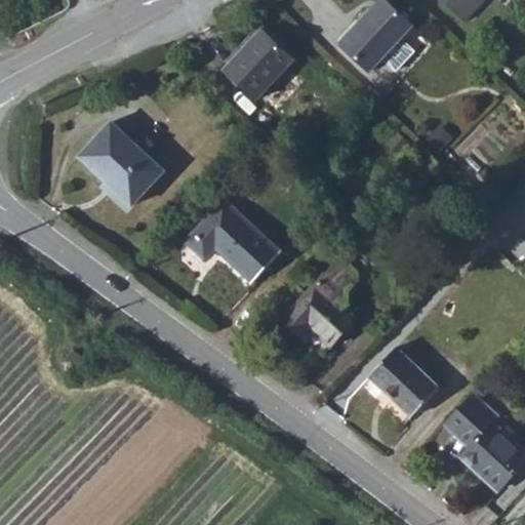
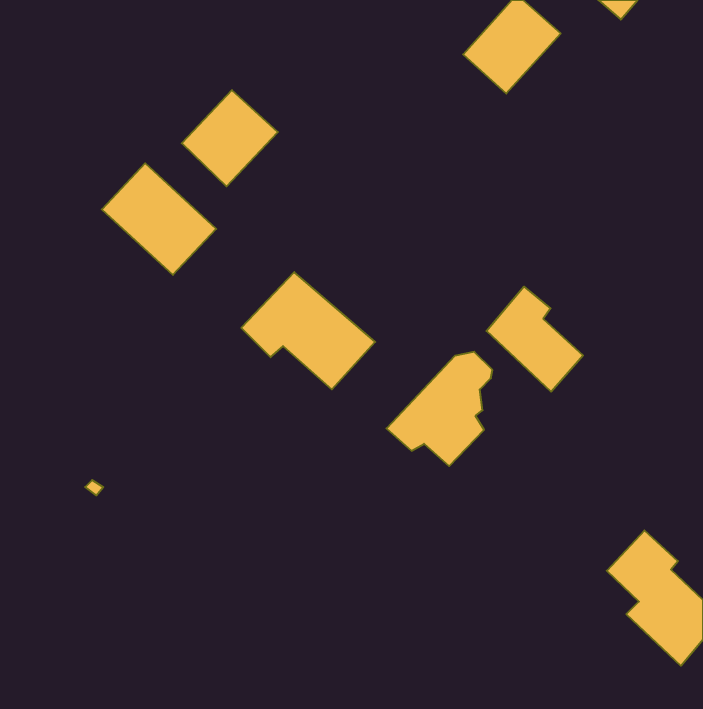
building: [219,28,290,98] -> [182,90,278,186]
building: none -> [486,287,583,392]
building: [370,350,440,417] -> none

